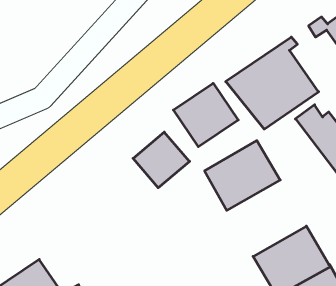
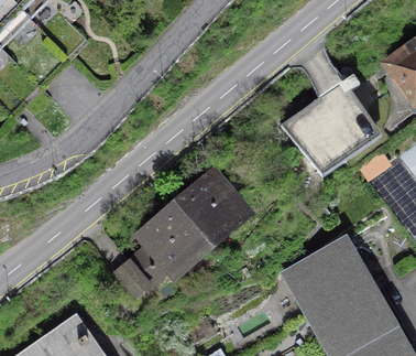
building: [173,83,238,147] -> none
building: [205,141,280,210] -> [286,237,369,313]
building: none -> [114,206,207,295]

